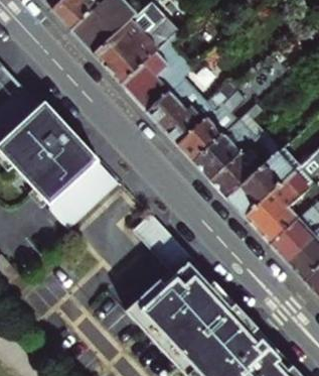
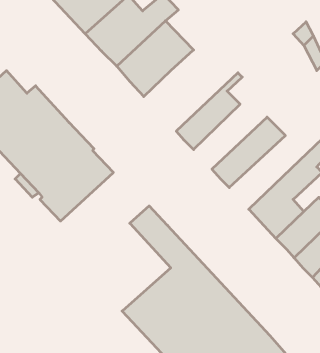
building: [149,83,236,145] -> none
building: [195,104,264,180] -> none
building: [228,147,294,218] -> none

